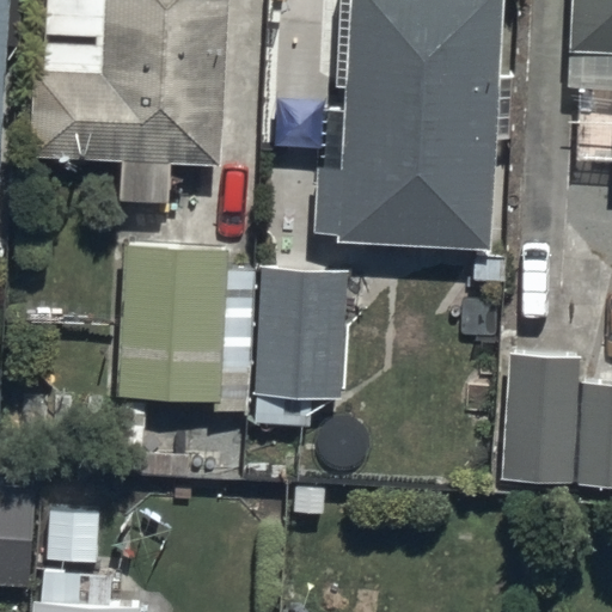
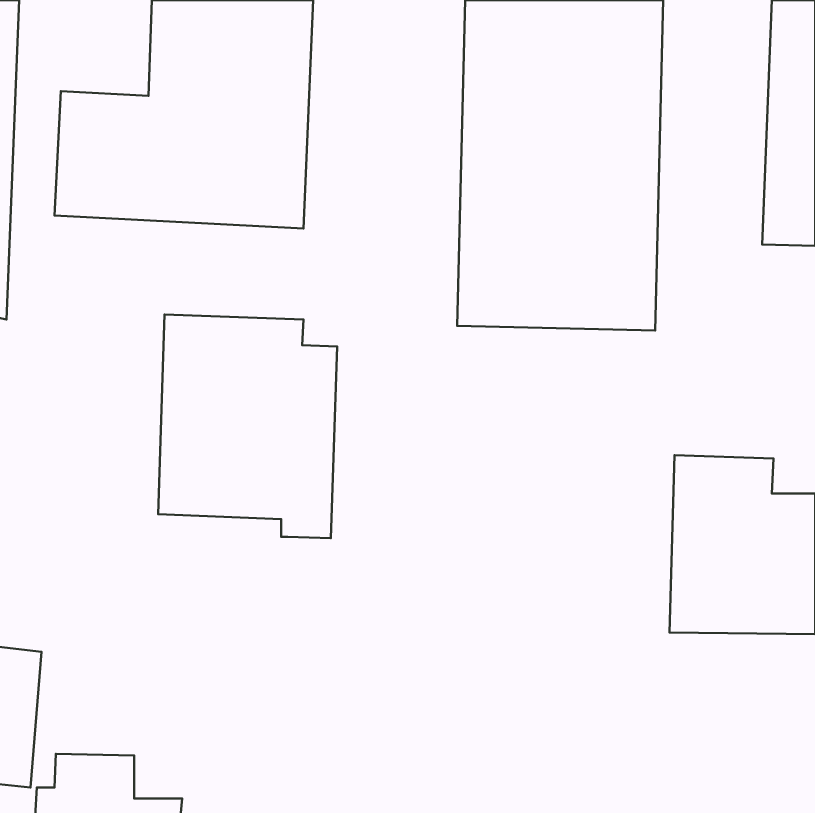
building: [252,261,361,472] -> none

